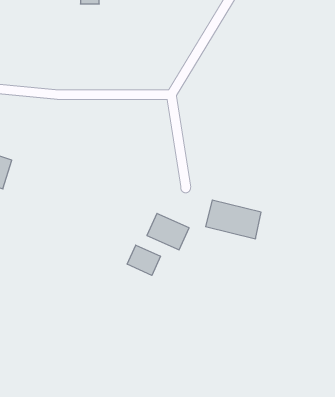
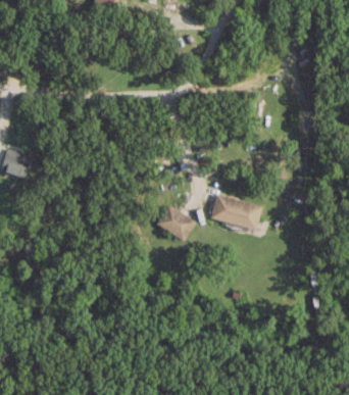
building: [127,245,160,275] -> none

